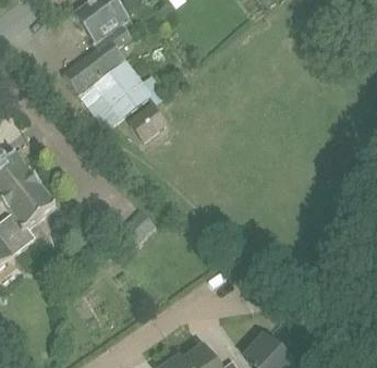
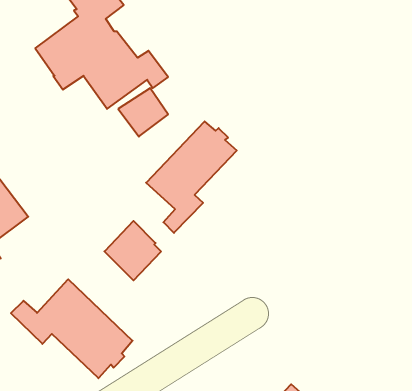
building: none -> [146,121,237,233]
building: none -> [11,279,133,378]

